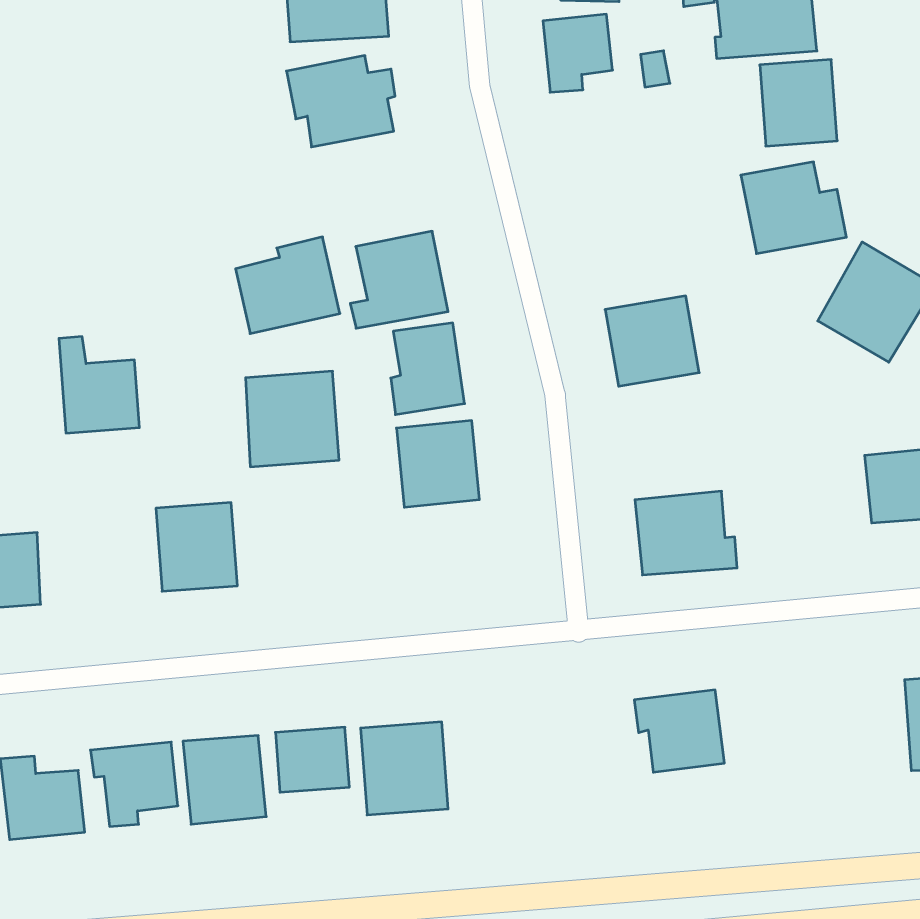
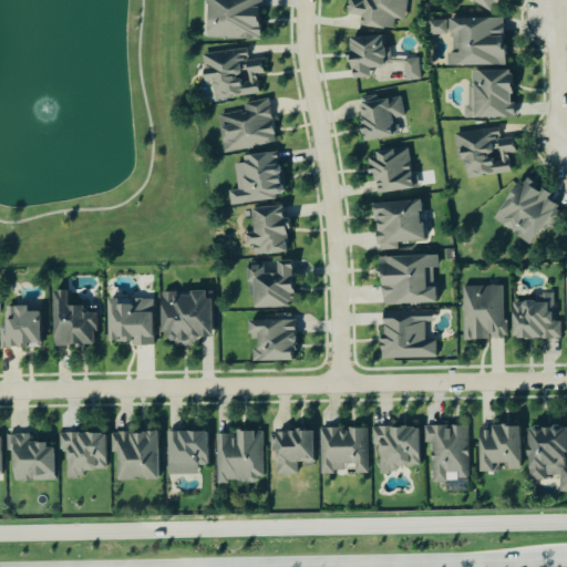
building: none -> [358,89,410,140]
building: none -> [368,145,416,194]
building: [236,237,340,334] -> [218,97,276,150]
building: [59,337,139,433] -> [53,290,95,344]
building: [246,371,339,467] -> [161,290,212,341]
building: none -> [380,255,437,303]
building: none -> [463,285,504,338]
building: none -> [250,318,297,359]
building: none -> [480,425,519,470]
building: none -> [426,423,470,480]
building: none -> [320,426,368,472]
building: none -> [271,429,315,473]

